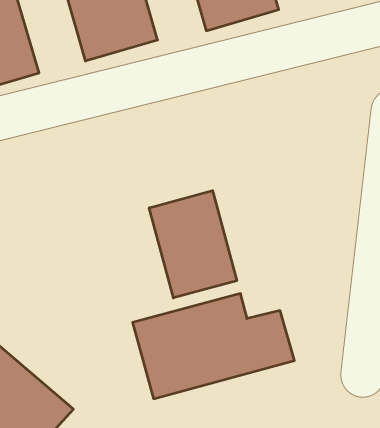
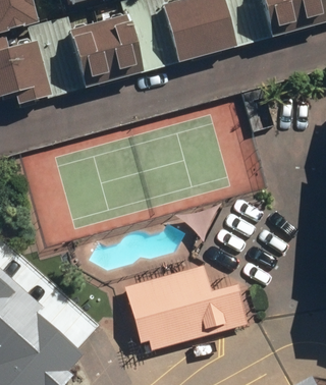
building: [149,191,237,298] -> none

